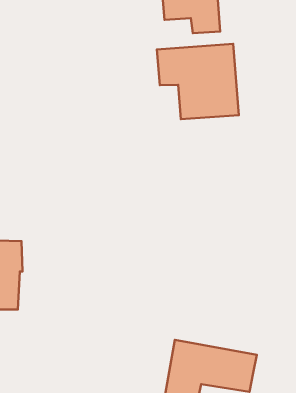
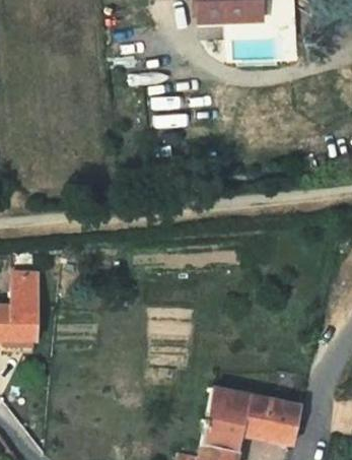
building: [157,44,239,119] -> none

